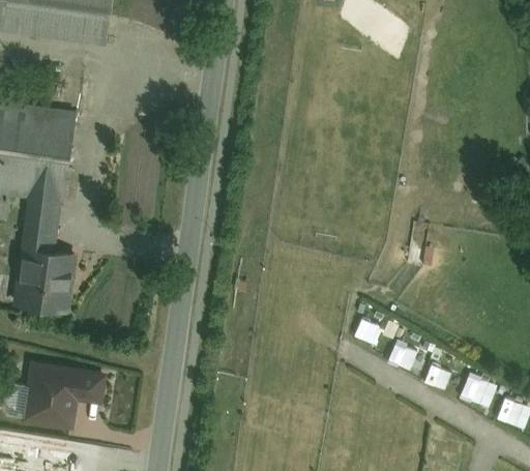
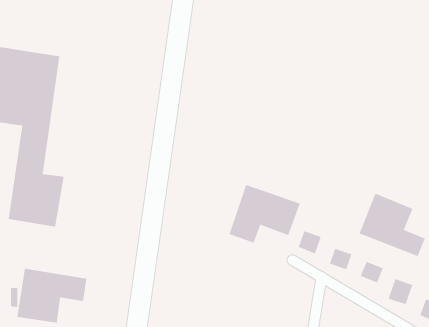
building: none -> [229,184,300,244]
building: none -> [359,193,425,257]

